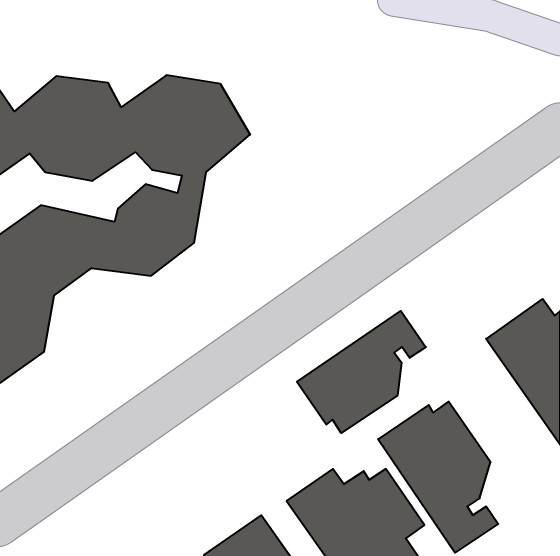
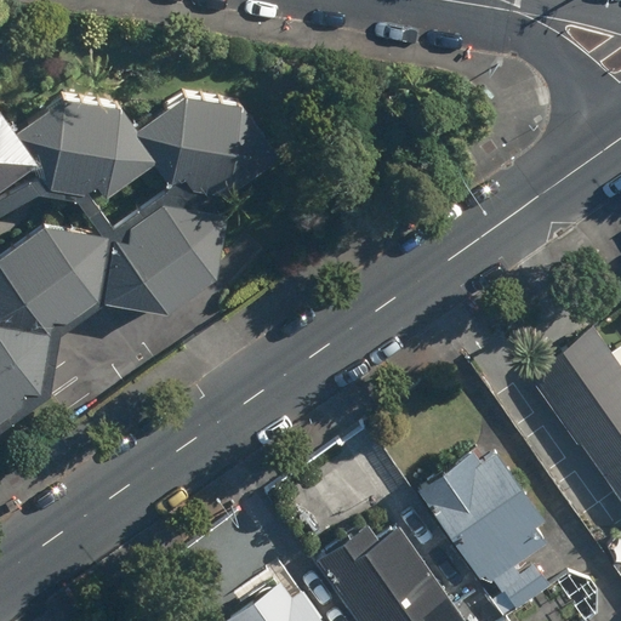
building: [297,311,426,433] -> none

